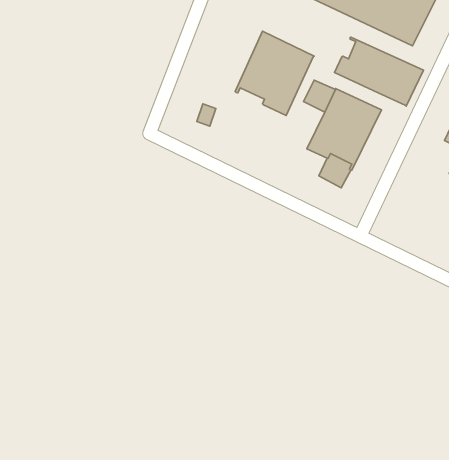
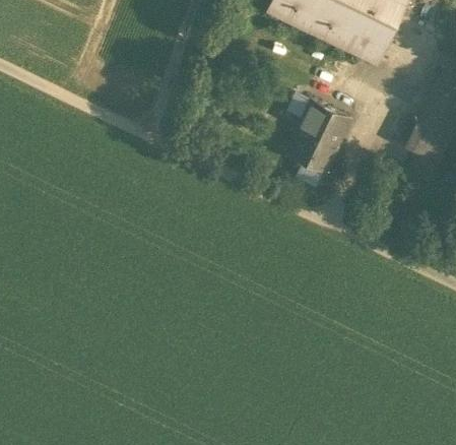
building: [235,31,314,115] -> none
building: [334,37,423,106] -> none

